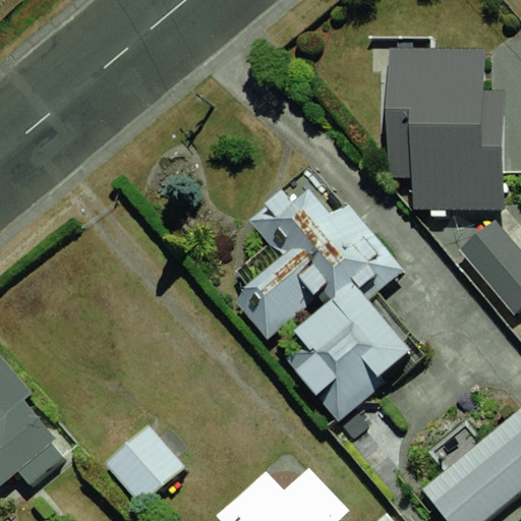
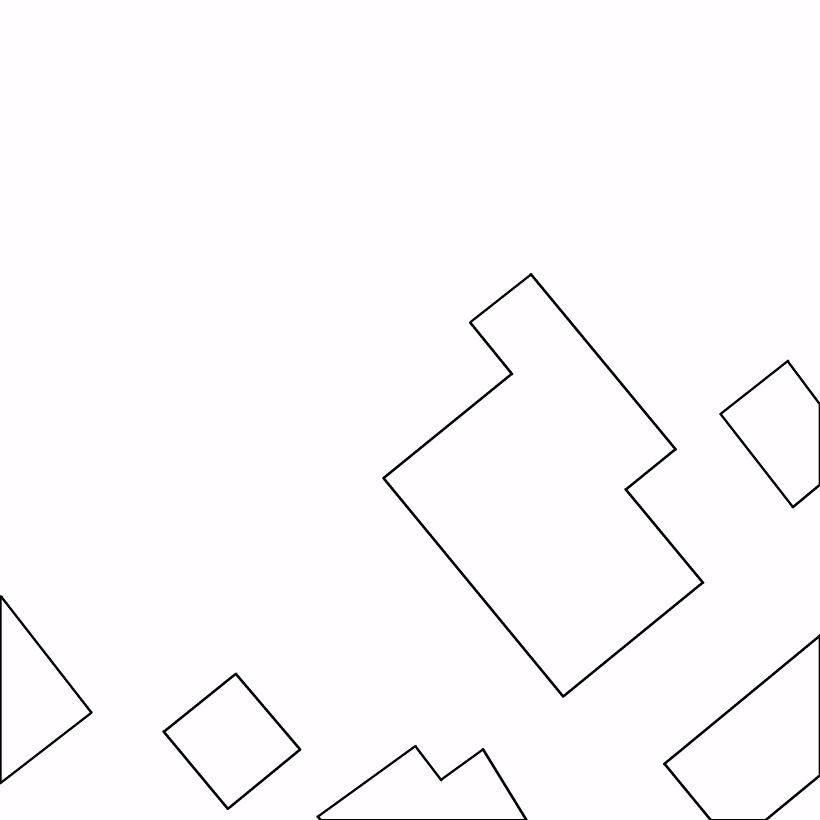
building: [389,35,503,219] -> none

